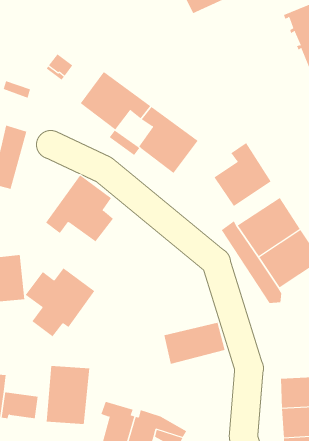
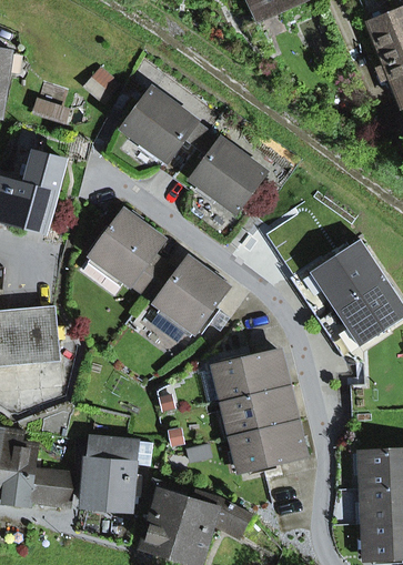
building: [213,142,272,207] -> none
building: [25,268,95,337] -> [143,260,226,342]
building: none -> [214,351,288,402]
building: none -> [231,420,305,471]

